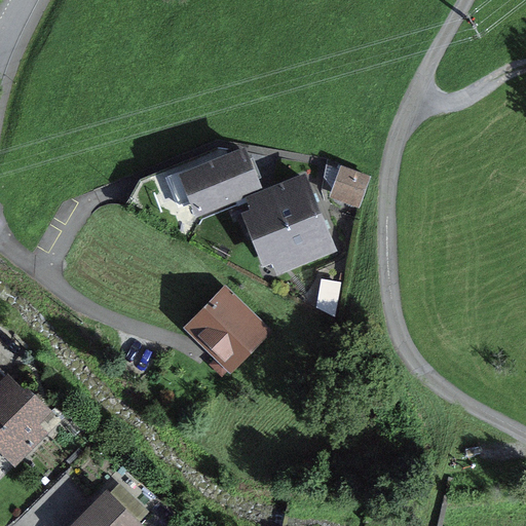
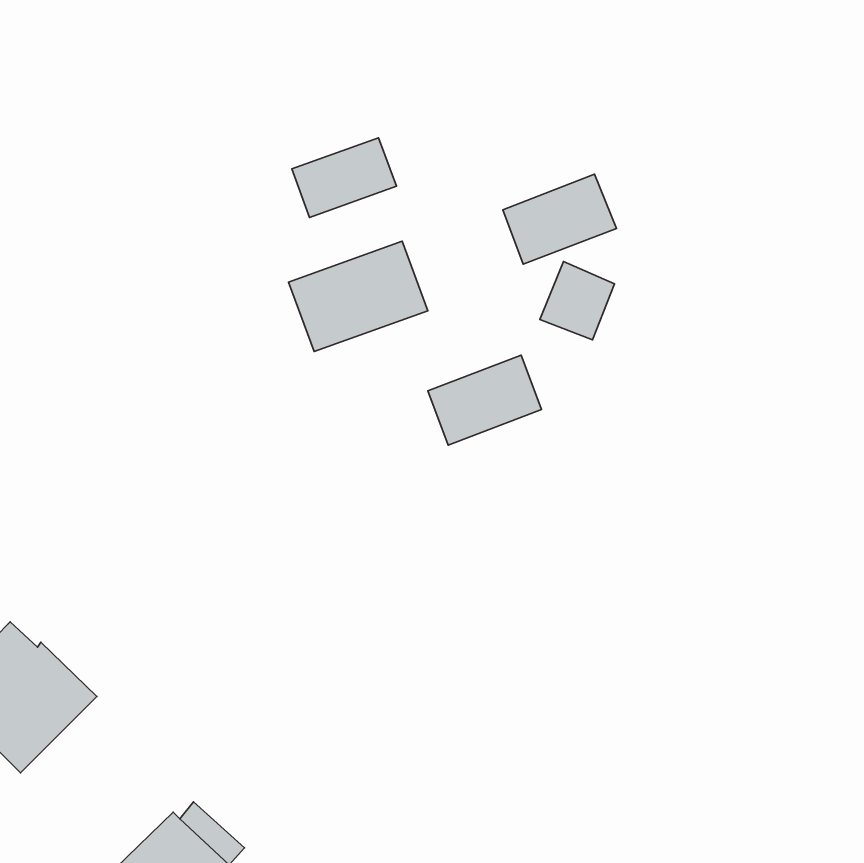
building: none -> [292,138,396,217]
building: [247,185,315,239] -> [503,174,617,264]
building: [183,285,266,368] -> none

